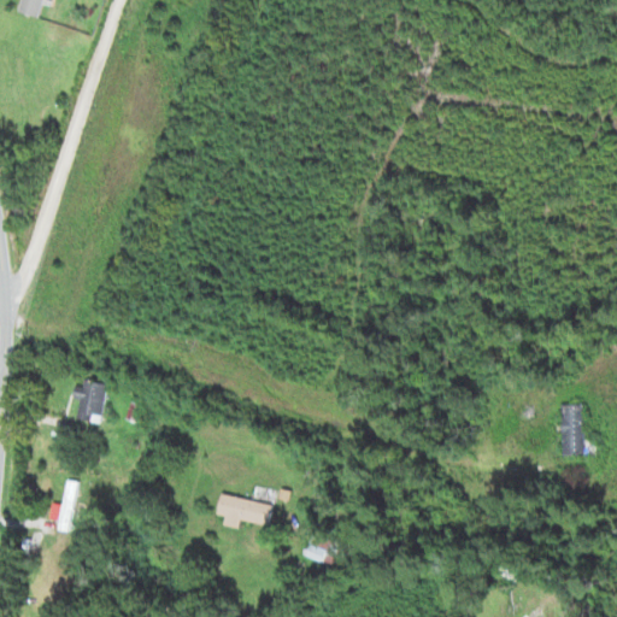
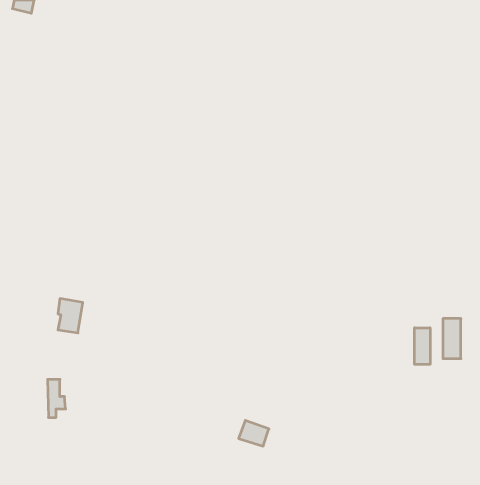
building: none -> [415,328,430,364]
building: [216,494,271,529] -> none

